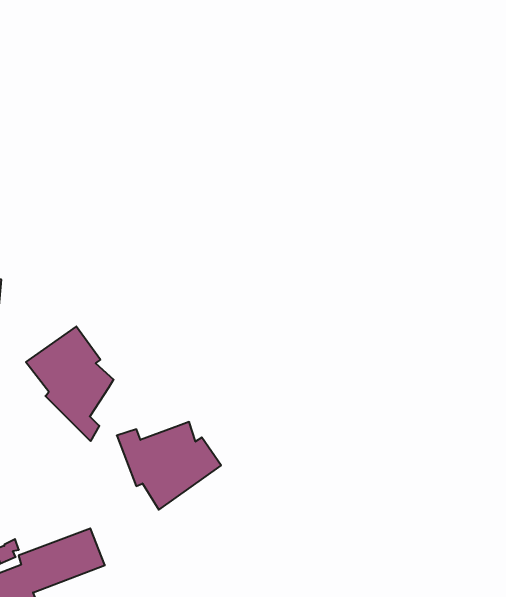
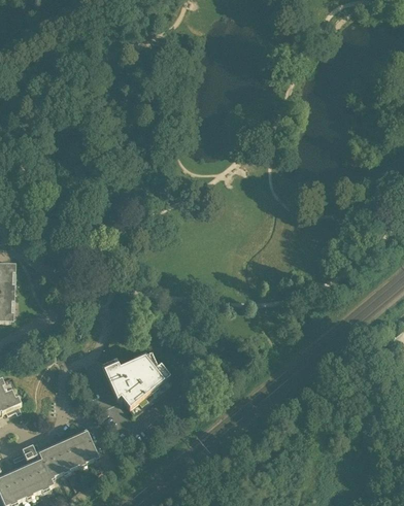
building: [26,326,114,441] -> none

